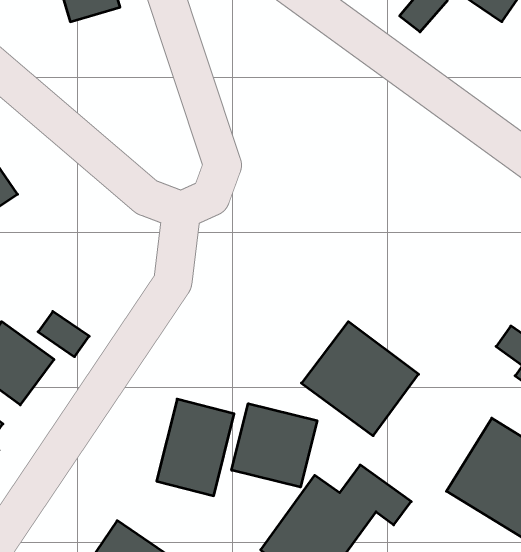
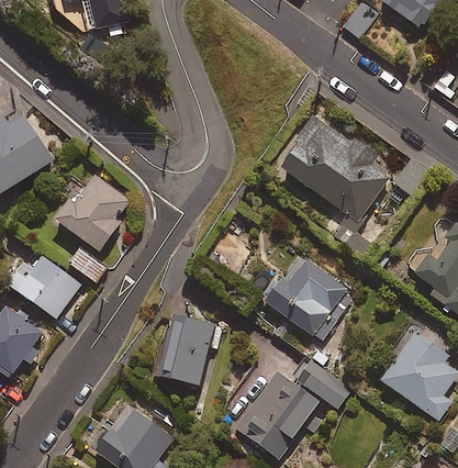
building: none -> [276,118,391,232]
building: none -> [53,174,130,250]
building: [232,404,317,487] -> none

